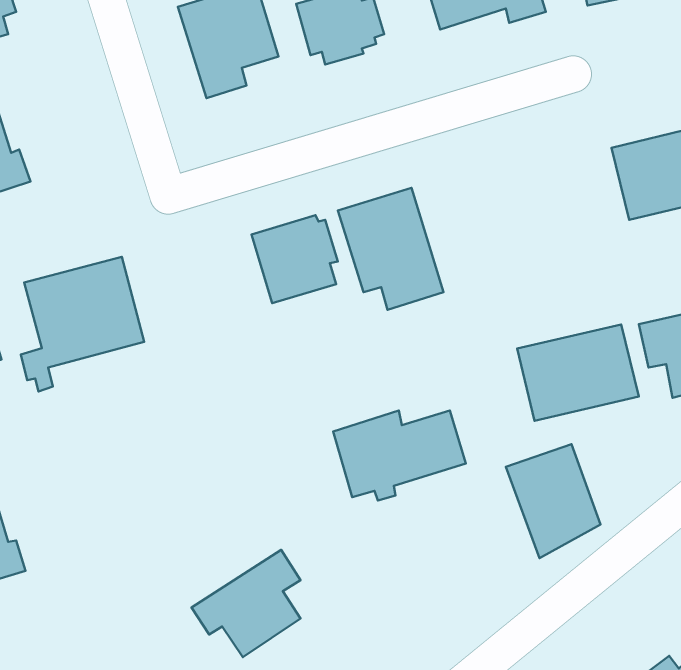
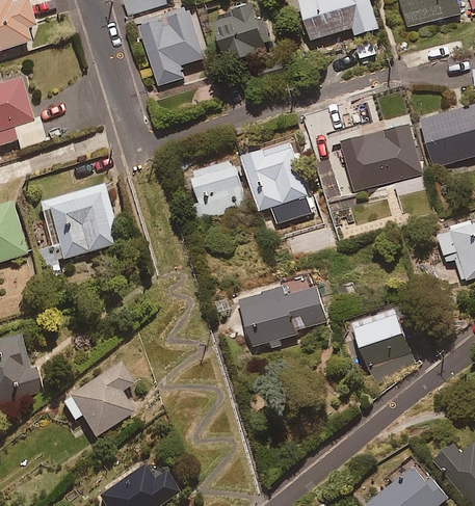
building: [517,325,639,421] -> [342,125,421,187]
building: [192,550,300,657] -> [61,367,132,436]

